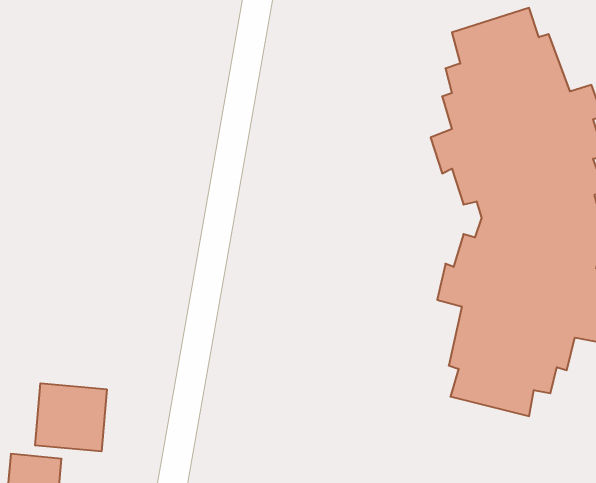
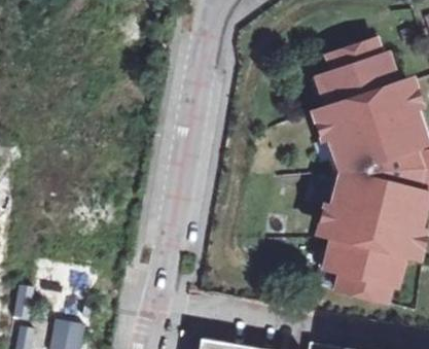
building: [35,383,107,451] -> none

